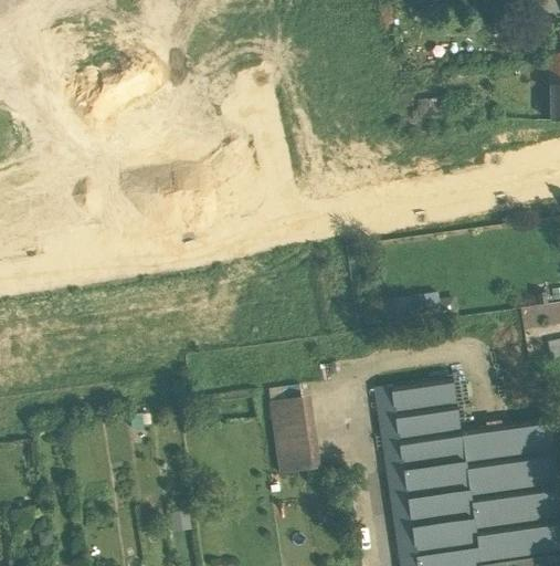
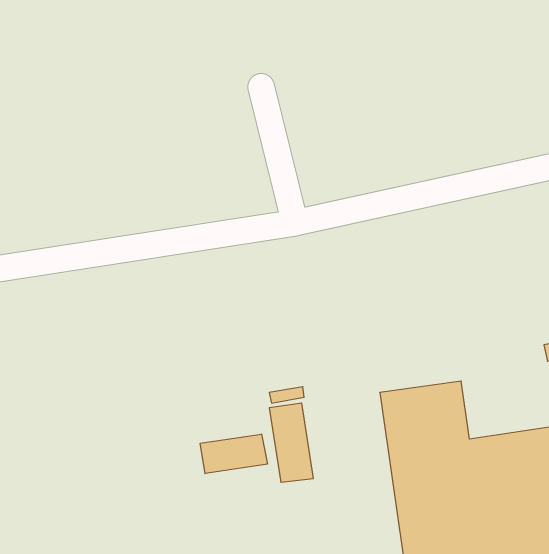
building: none -> [200,434,267,474]

